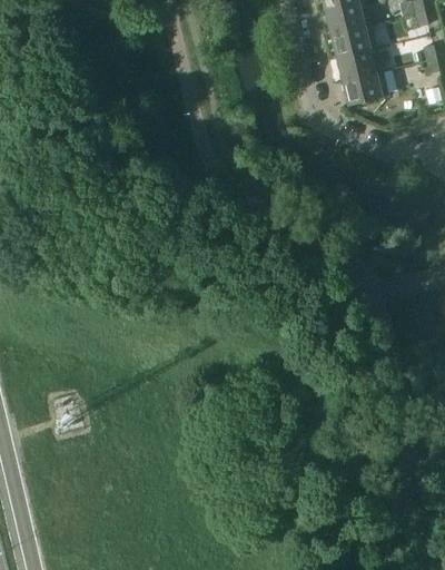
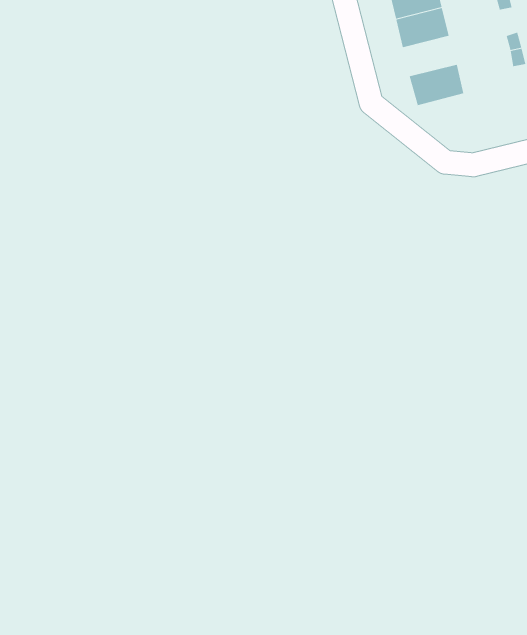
building: [338,49,384,82] -> none

